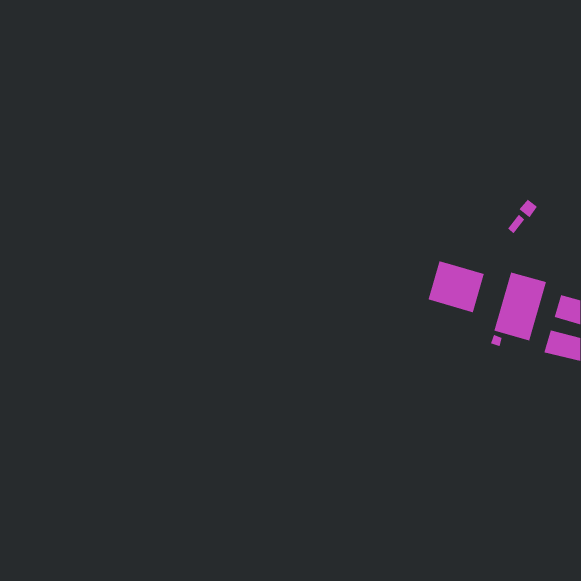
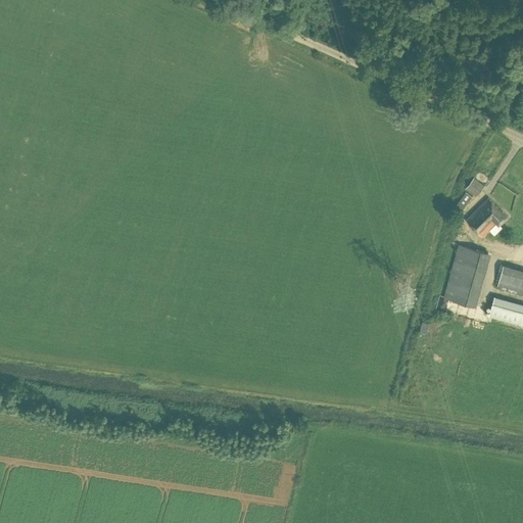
building: none -> [466,197,507,237]
building: [428,261,485,313] -> none

